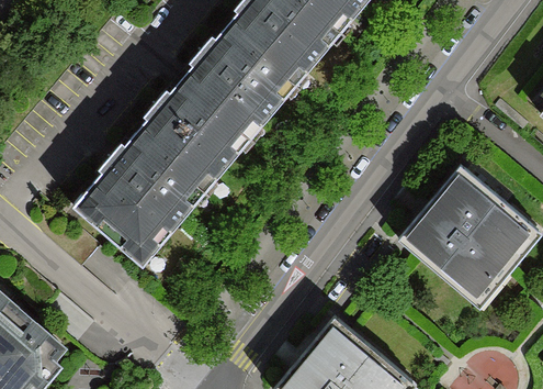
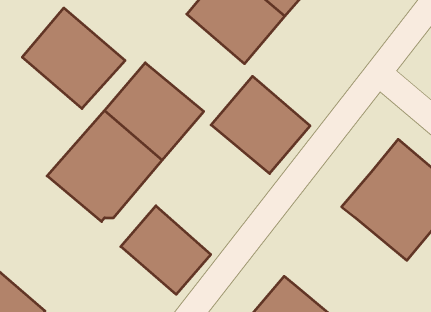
building: none -> [22,8,125,109]
building: [183,26,293,134] -> [211,76,310,174]
building: none -> [121,206,211,294]

